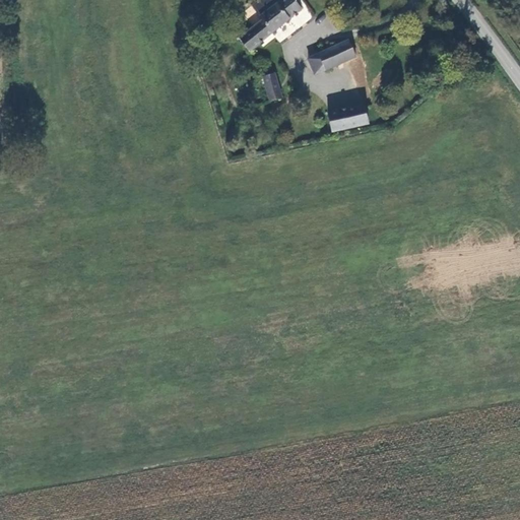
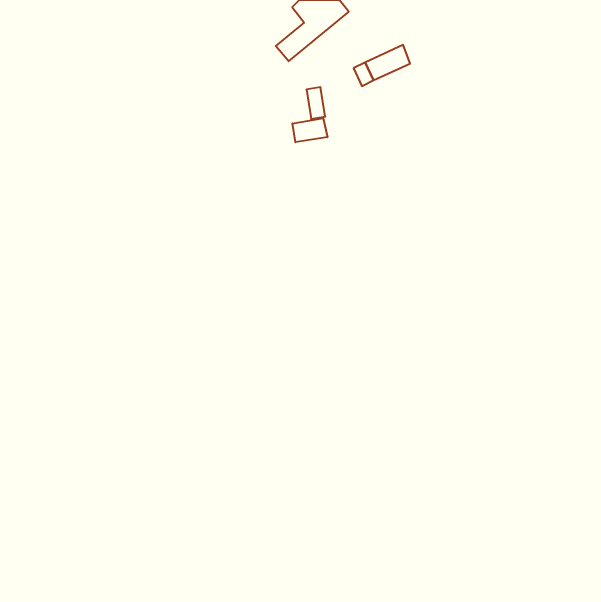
building: none -> [292,118,327,142]
building: [328,103,370,132] -> none

